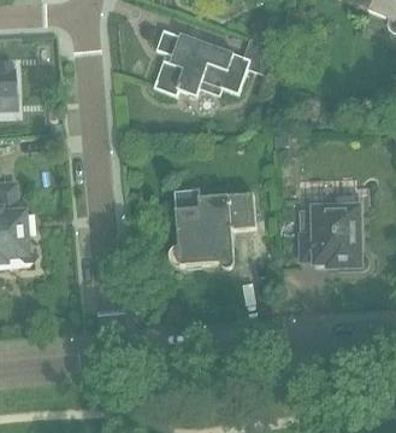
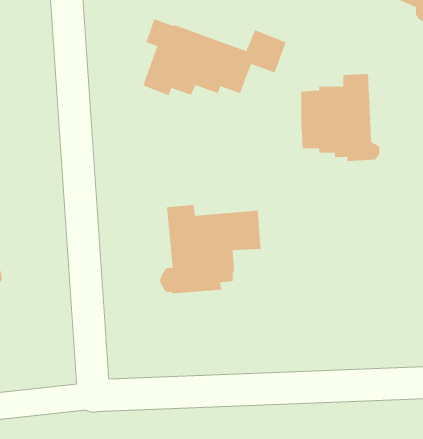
building: [300,194,368,270] -> [300,73,380,162]

